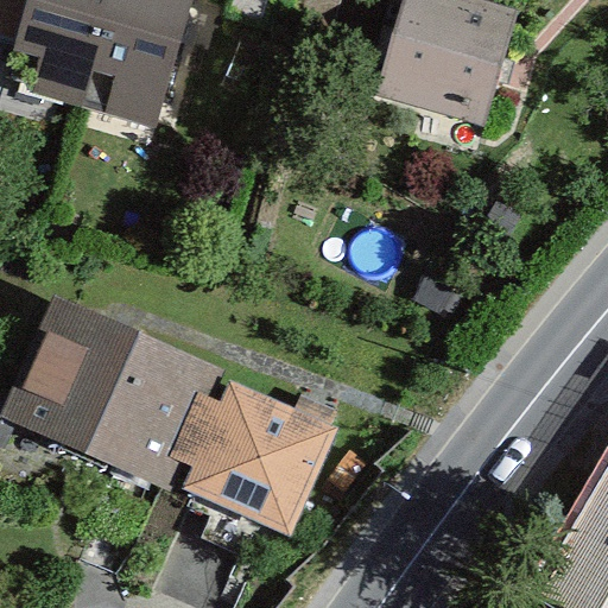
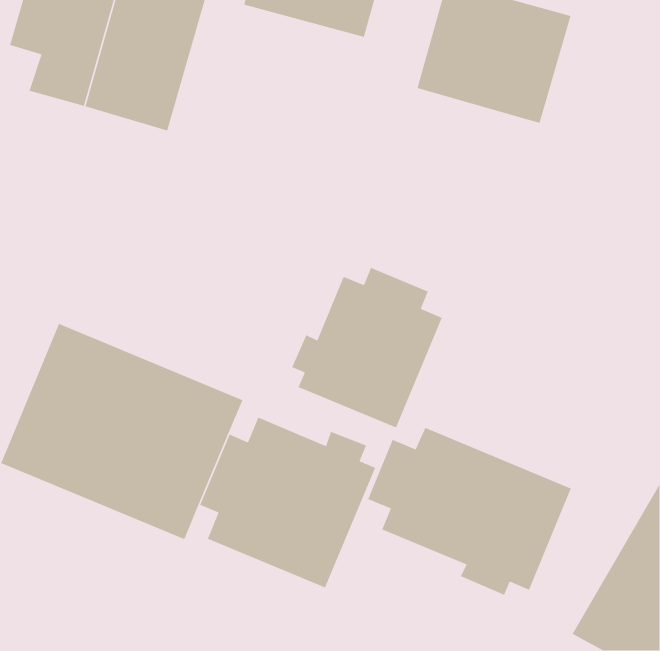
building: none -> [291,267,443,429]
building: none -> [367,427,572,596]

